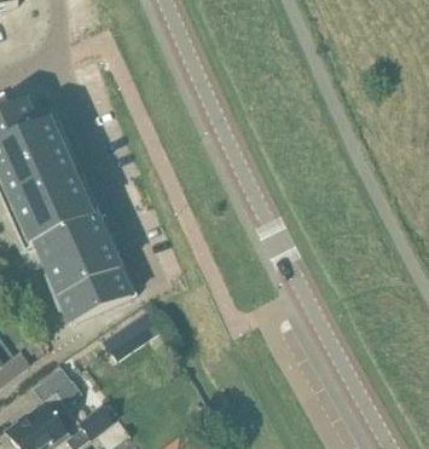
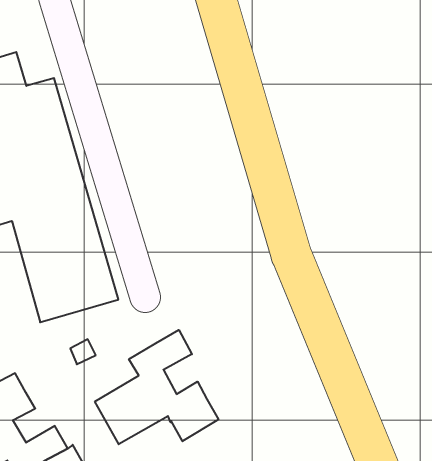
building: none -> [95,330,218,444]

